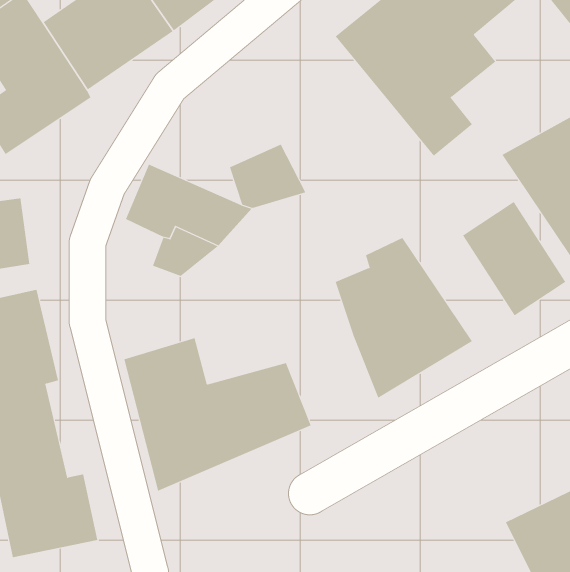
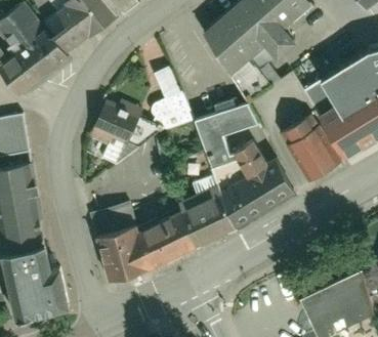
building: none -> [191,95,250,164]
building: none -> [179,195,232,246]

